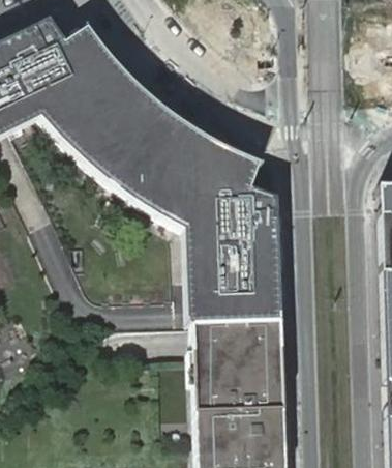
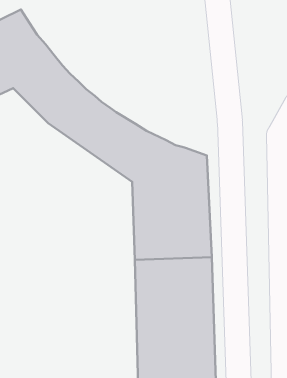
building: [64,28,259,186] -> none

